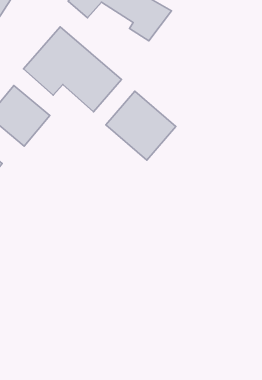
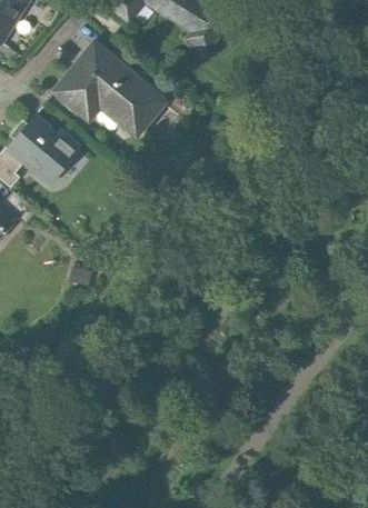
building: [106,91,176,160] -> none

